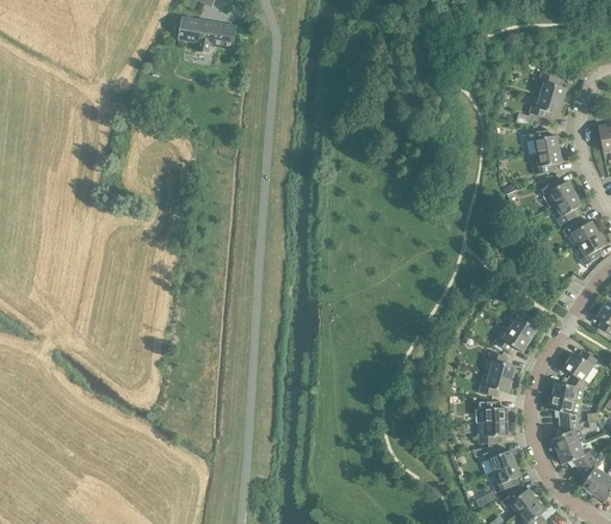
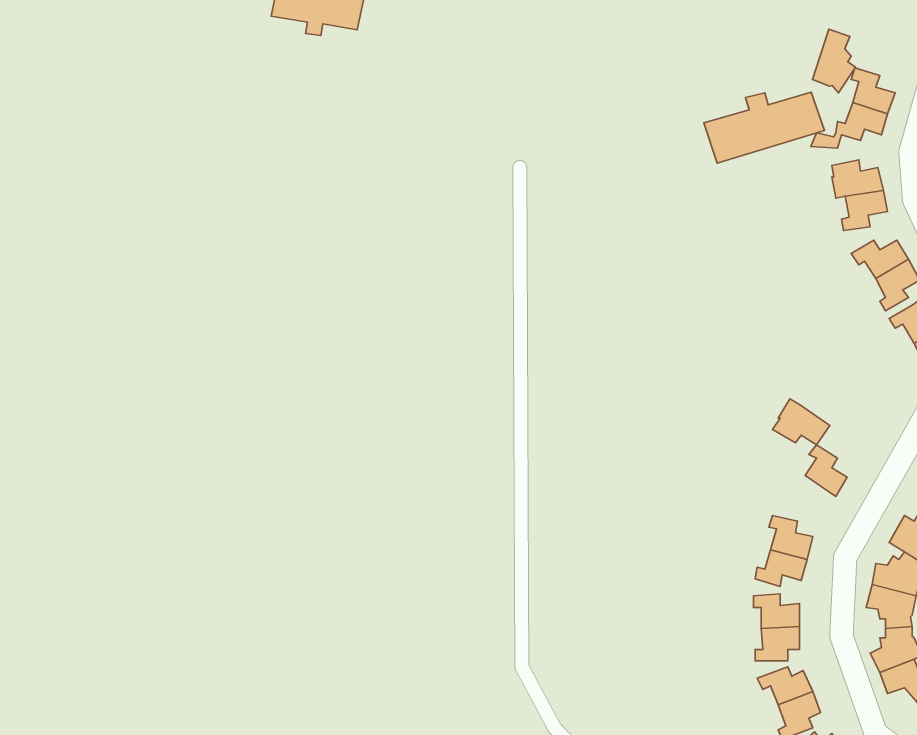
building: none -> [812,29,855,93]
building: none -> [704,92,825,163]
building: [494,322,530,351] -> [773,399,830,445]

